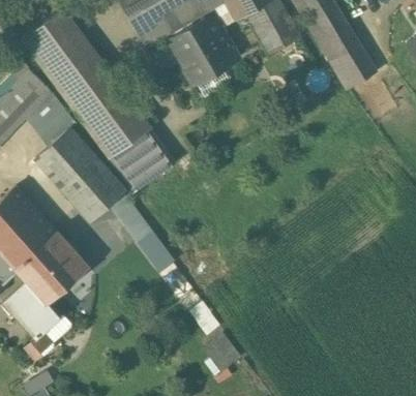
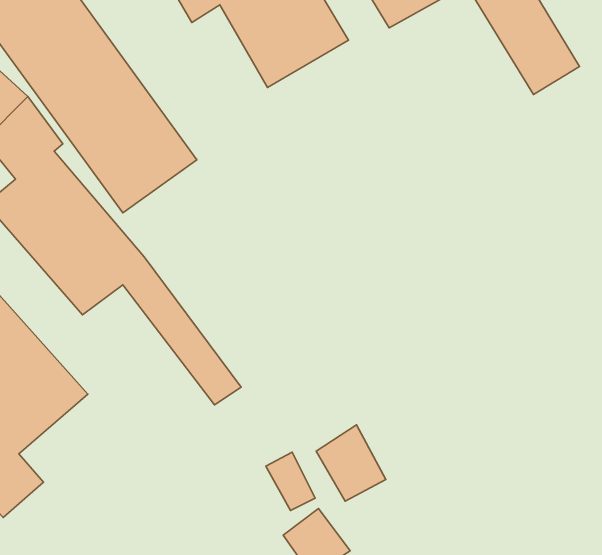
building: [108,130,177,196] -> none
building: none -> [316,425,386,501]

